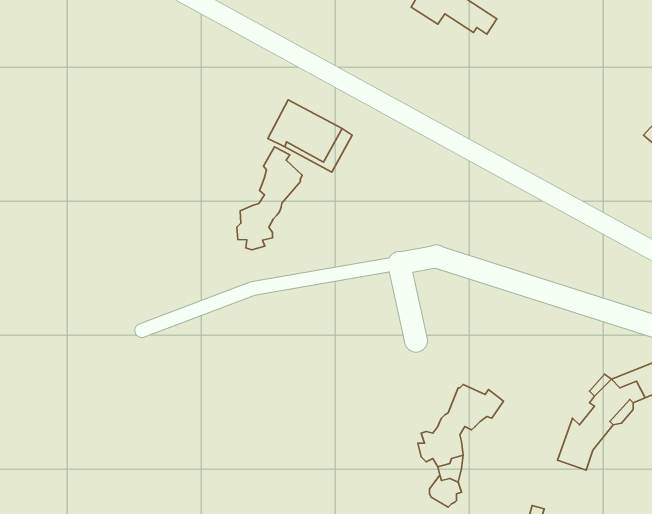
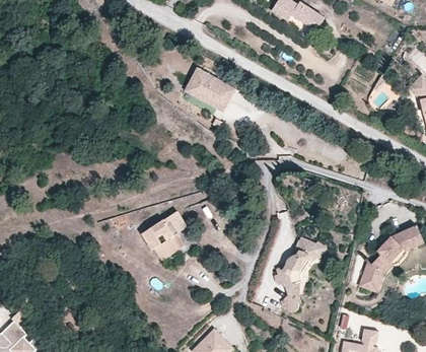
building: [237,147,302,250] -> none
building: none -> [141,211,199,261]

